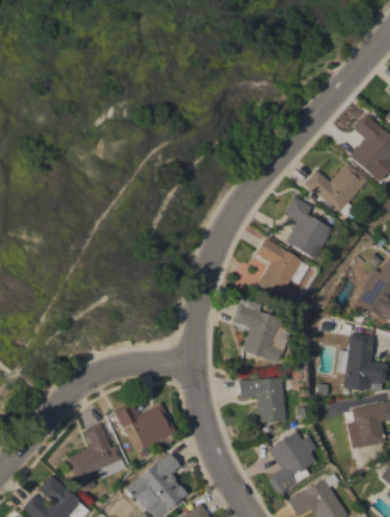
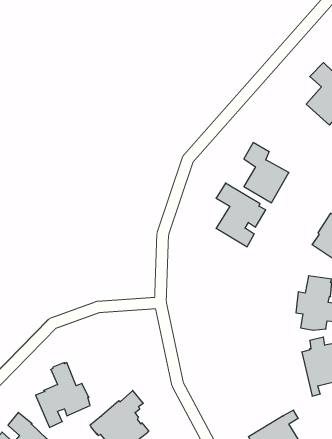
building: [305,162,367,213] -> none
building: [233,298,292,363] -> none
building: [239,377,286,422] -> none
building: [114,401,176,449] -> none
building: [269,431,317,493] -> none

